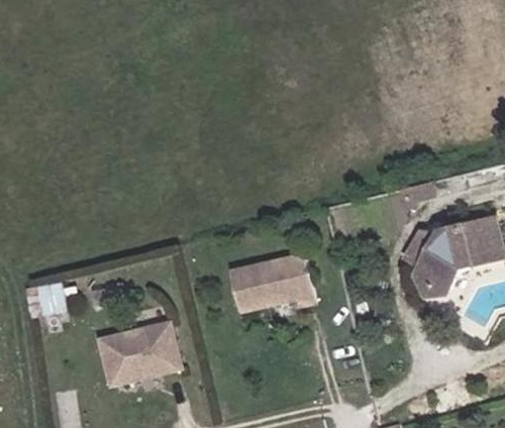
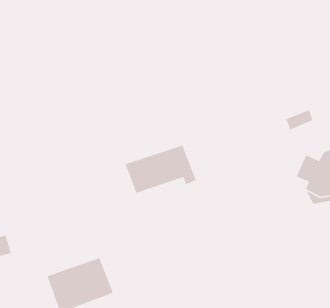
building: [227,254,310,306] -> [124,145,197,194]

